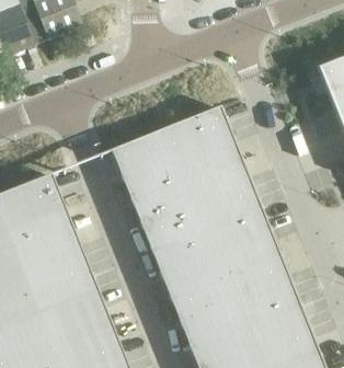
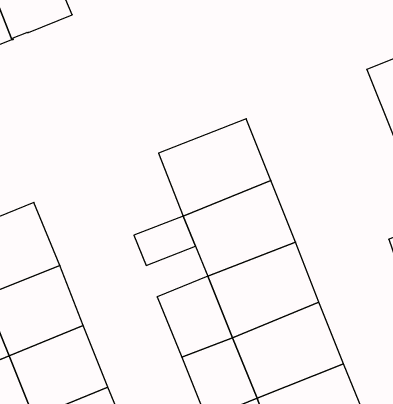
building: [111,134,171,199] -> none
building: [141,208,191,249] -> none

